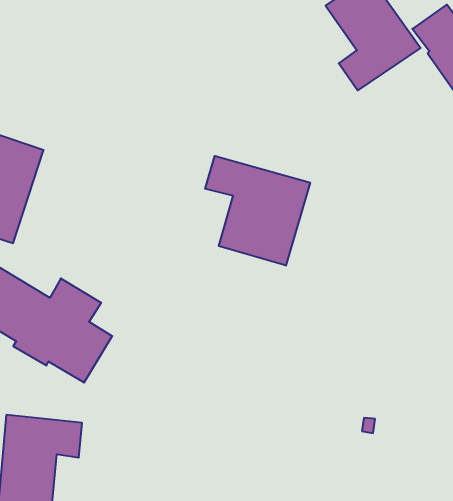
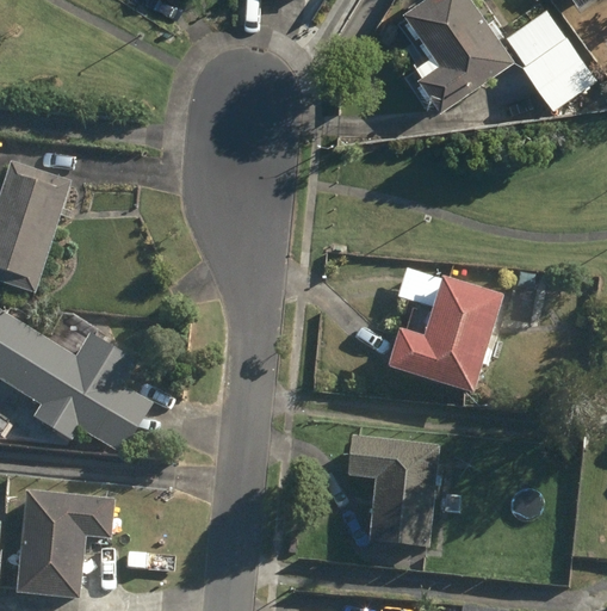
building: [205,156,310,266] -> none
building: none -> [388,265,502,391]
building: none -> [349,442,439,550]

